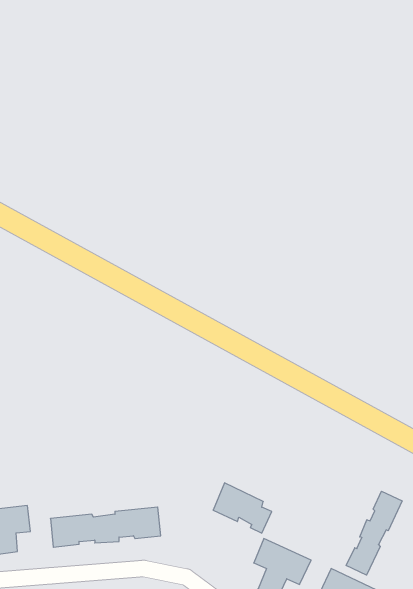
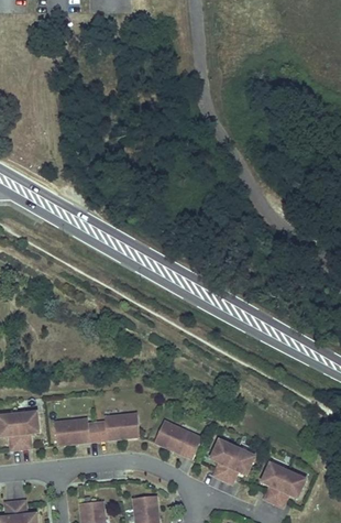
building: [213,483,272,533] -> [155,420,200,458]
building: [346,491,402,575] -> none

